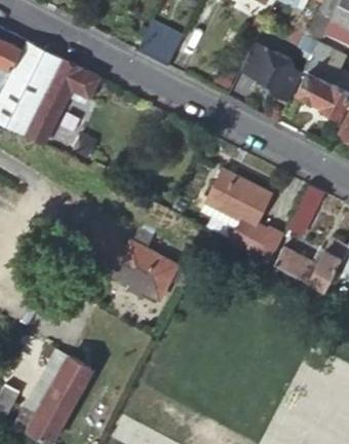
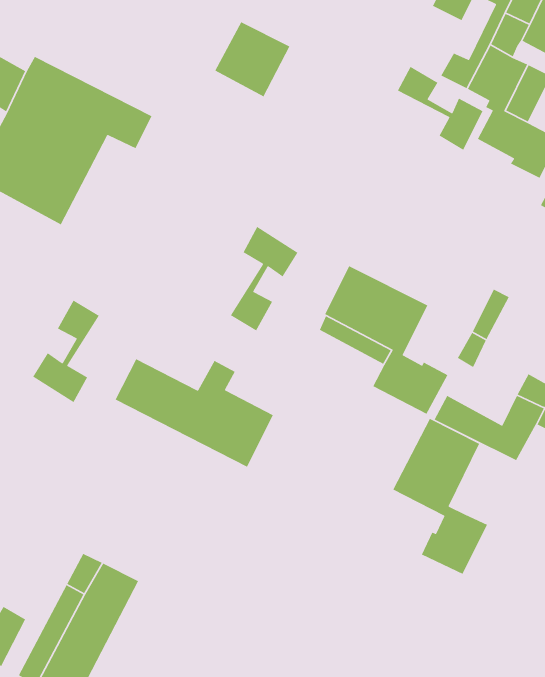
building: none -> [230,226,298,331]
building: none -> [32,300,100,403]
building: none -> [392,418,488,575]

